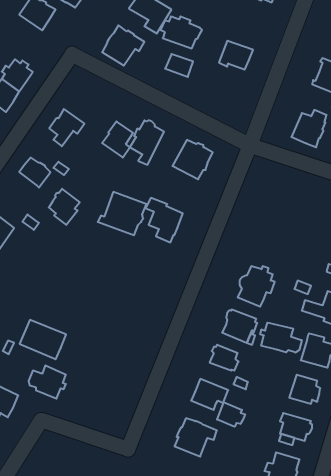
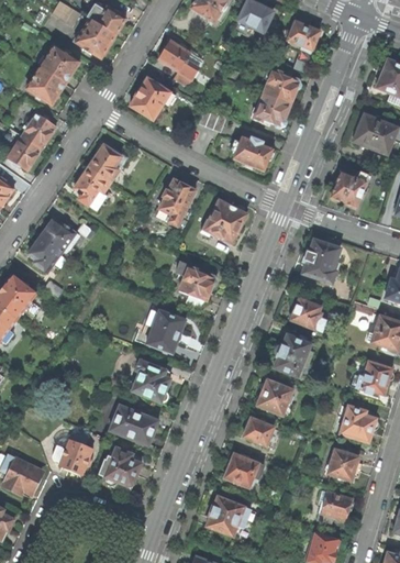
building: none -> [27,66,65,103]
building: [161,16,202,48] -> [230,135,274,169]
building: none -> [262,68,298,103]
building: [102,121,133,158] -> [88,143,121,181]
building: none -> [301,239,340,283]
building: [49,189,80,225] -> [26,233,59,272]
building: [98,192,146,235] -> [133,307,185,353]
building: none -> [290,296,325,329]
building: none -> [132,361,170,401]
building: [20,320,66,359] -> [109,404,158,445]
building: [260,323,302,353] -> none
building: none -> [97,446,141,490]
building: [217,402,245,427] -> none

